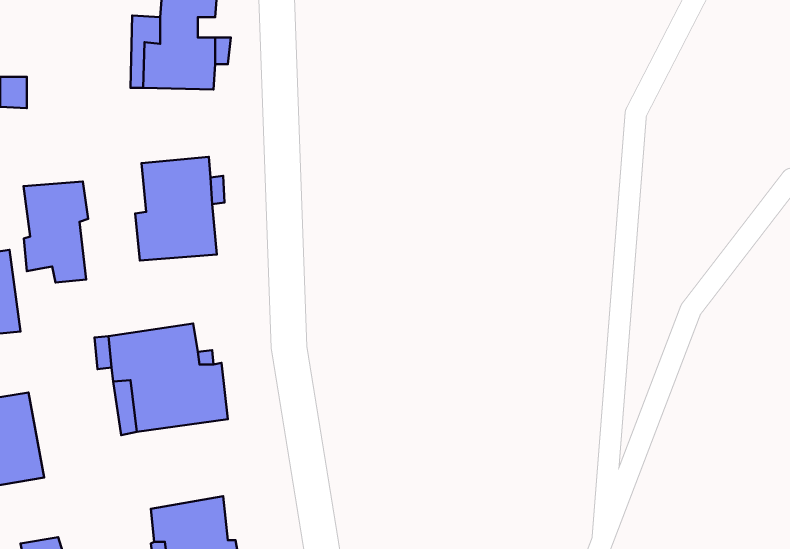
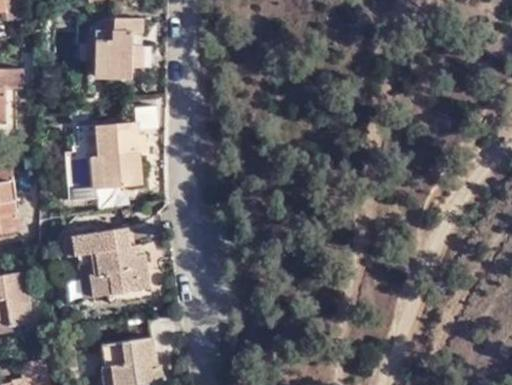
building: [24,181,88,282] -> none

